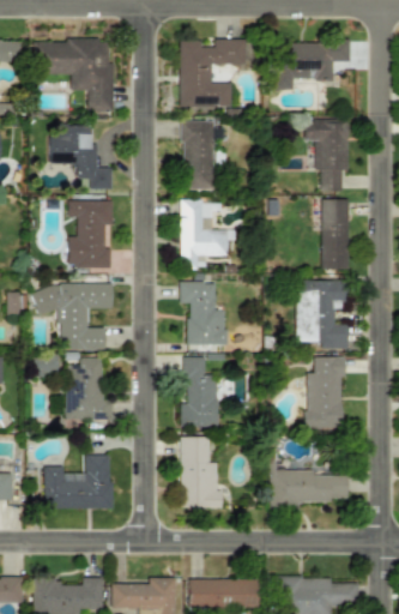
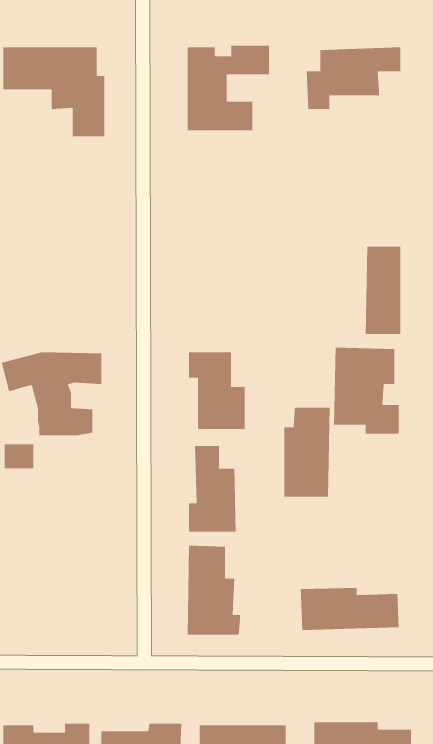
building: [306,120,350,192] -> none
building: [183,121,214,189] -> none
building: [50,125,113,189] -> none
building: [68,200,114,267] -> none
building: [181,201,230,269] -> none
building: [67,357,113,420] -> none
building: [307,357,344,429] -> [284,407,330,497]
building: [46,456,113,510] -> none

